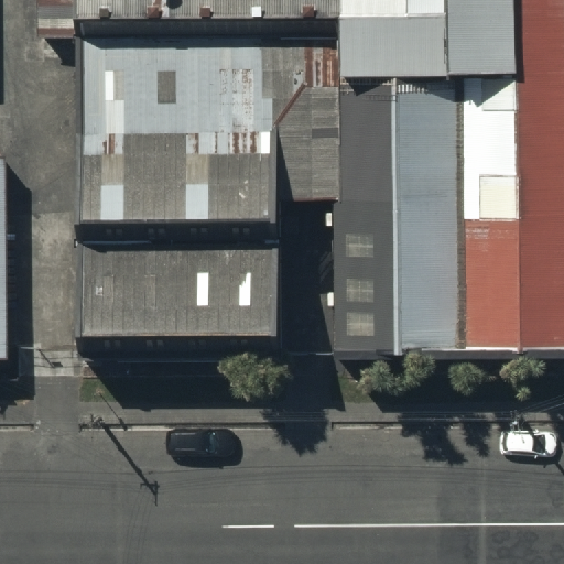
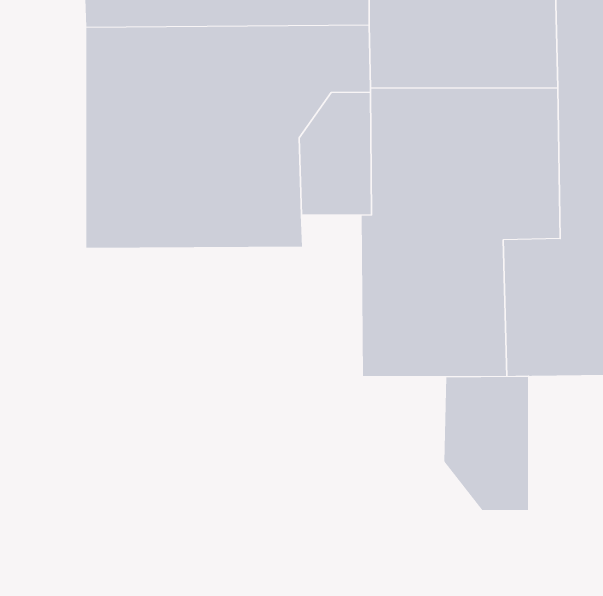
building: [83,229,284,343] -> none
building: none -> [444,376,529,511]

